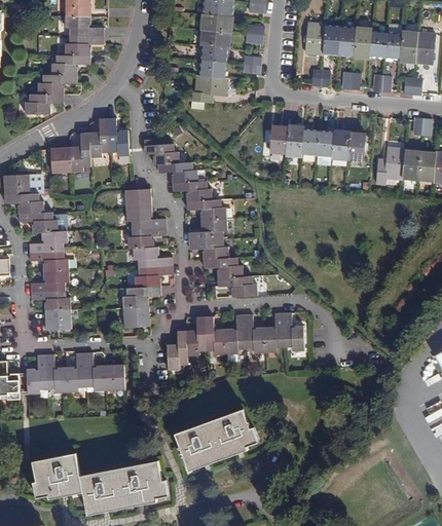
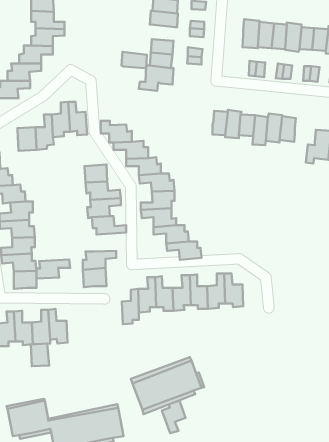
building: [198,30,227,48] -> [122,52,147,68]
building: [135,265,173,287] -> [37,259,70,279]
building: [104,364,124,389] -> [31,344,49,366]
building: none -> [162,400,186,433]

